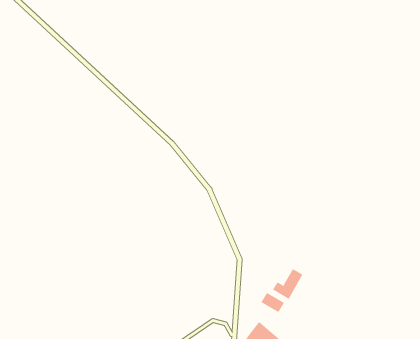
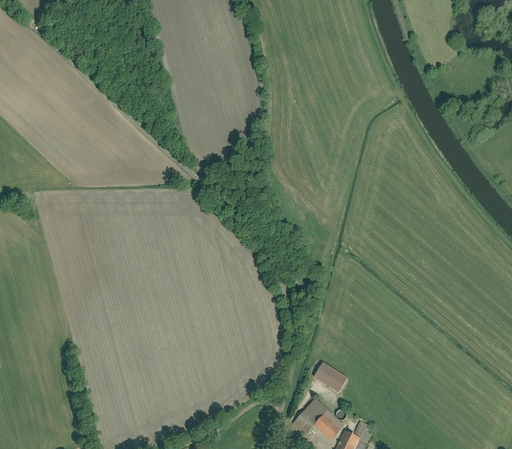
building: [272,268,303,300] -> none

